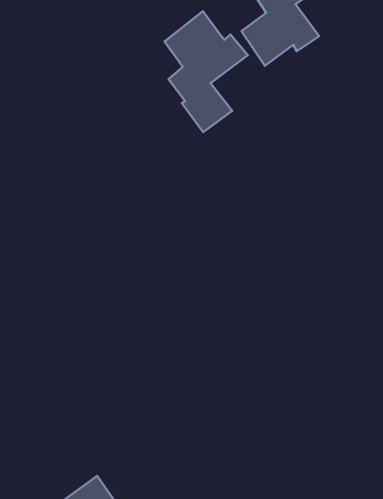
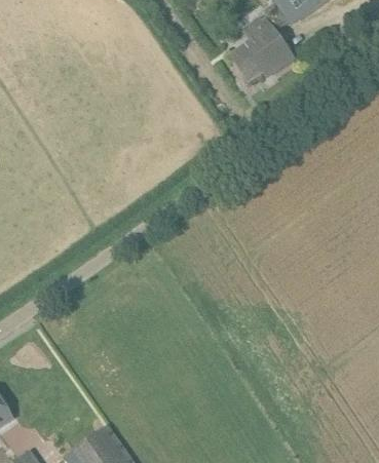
building: [165,11,248,132] -> none

